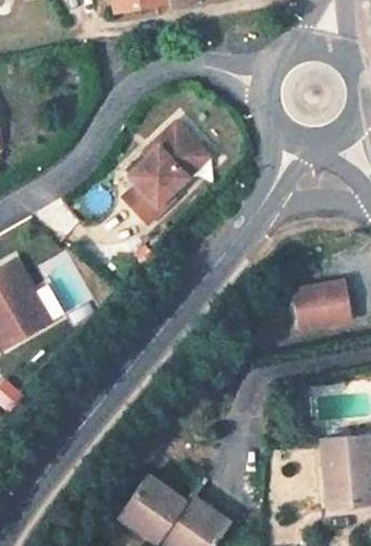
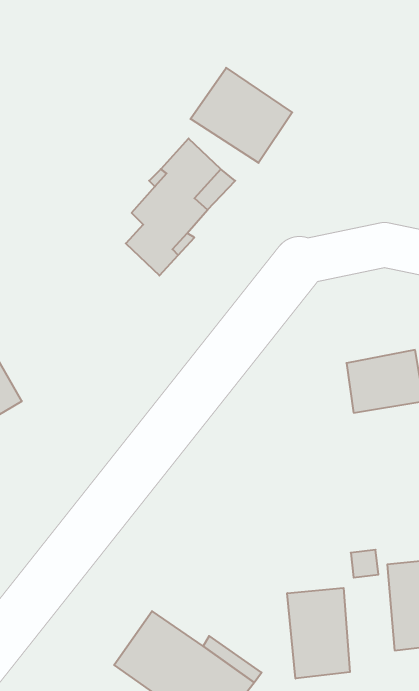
building: none -> [190,68,292,163]
building: none -> [287,588,350,679]

